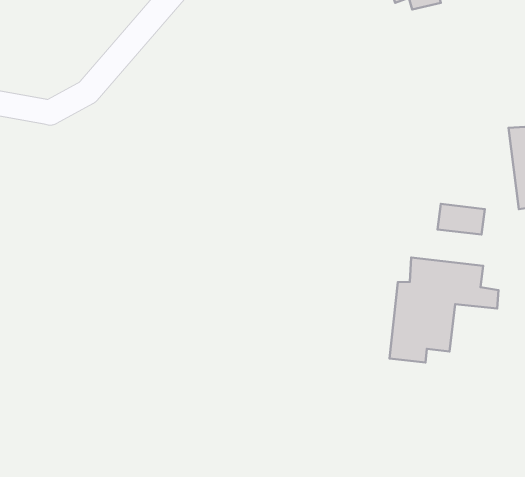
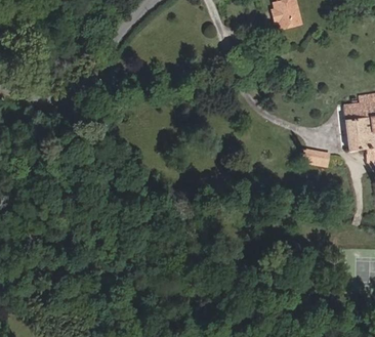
building: [389,258,498,363] -> none

